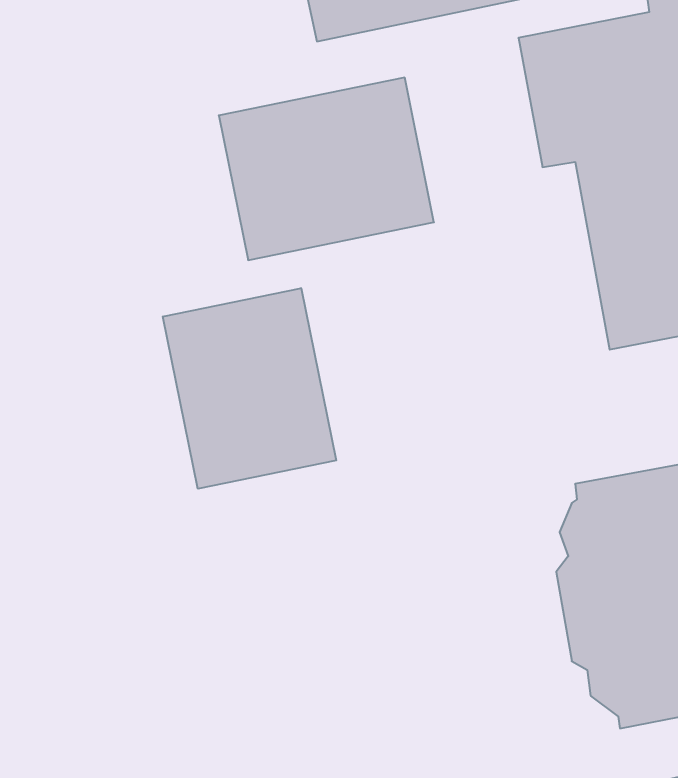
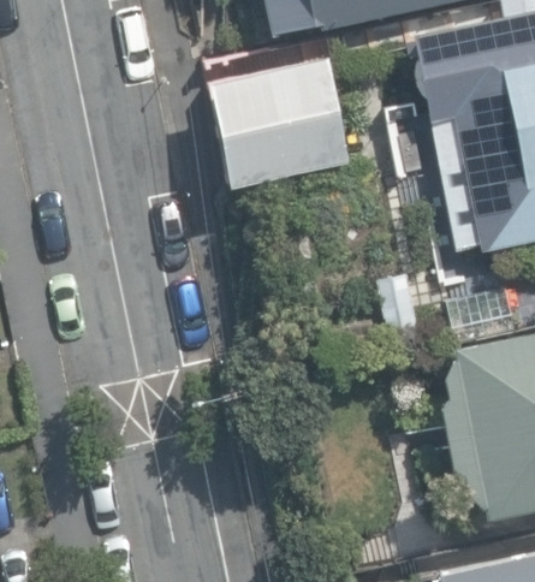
building: [163,288,336,489] -> none

